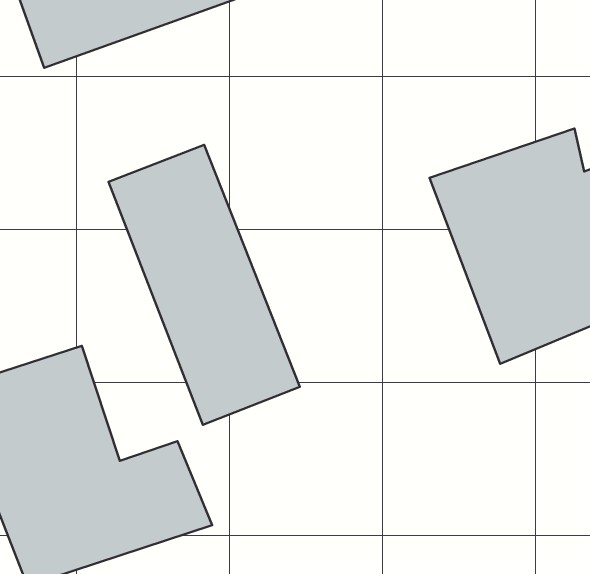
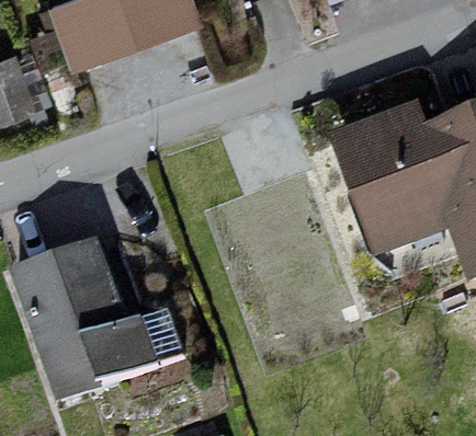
building: [109,145,300,425] -> none

